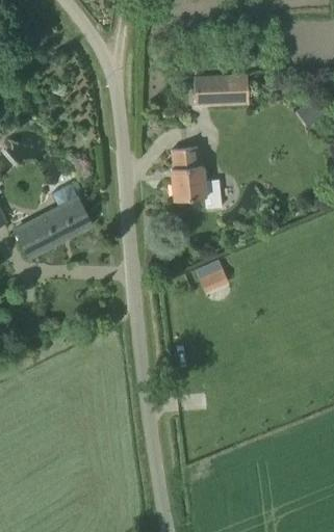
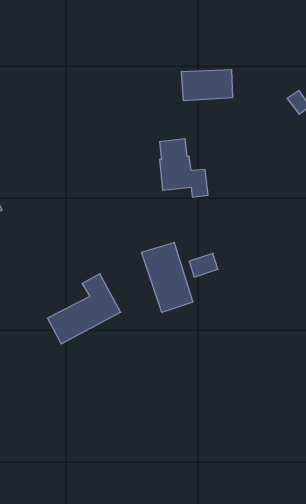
building: [15,183,92,257] -> [47,274,121,344]
building: none -> [141,242,193,313]

